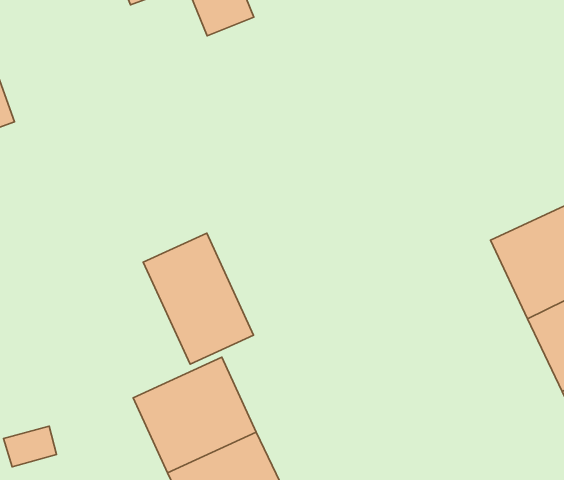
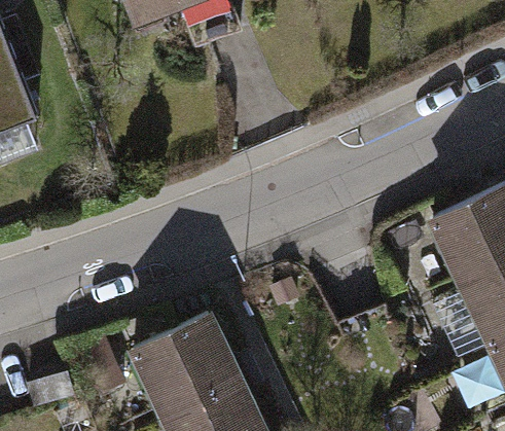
building: [143,233,254,364] -> none

